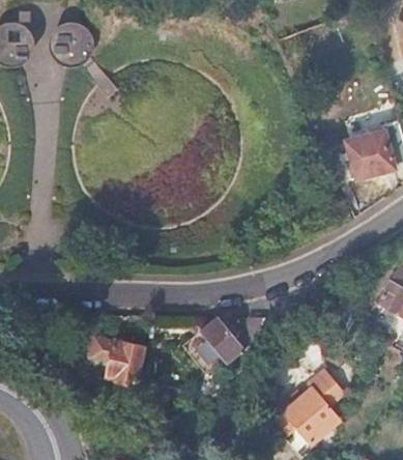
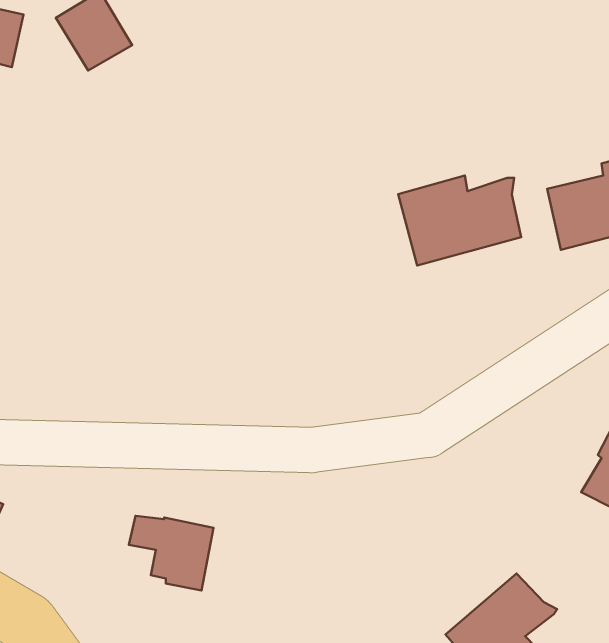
building: none -> [398,176,521,266]
building: [202,317,264,362] -> none

